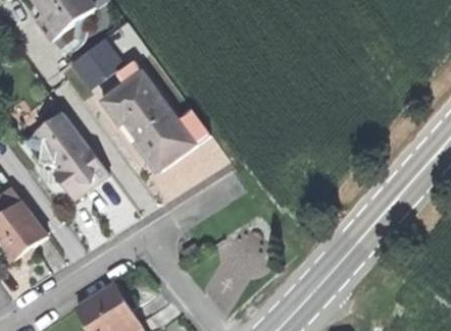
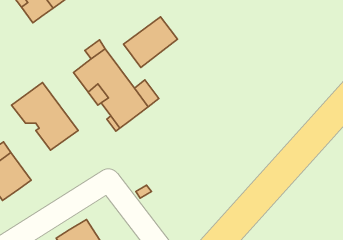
building: [66,31,121,82] -> none
building: none -> [124,17,178,67]

